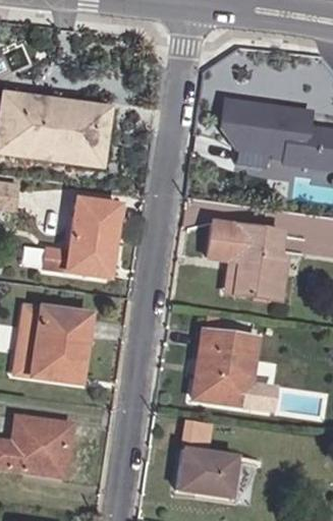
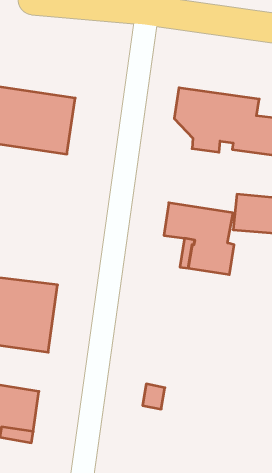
building: [50,199,119,275] -> none
building: [191,331,279,415] -> none
building: [177,444,239,496] -> none

